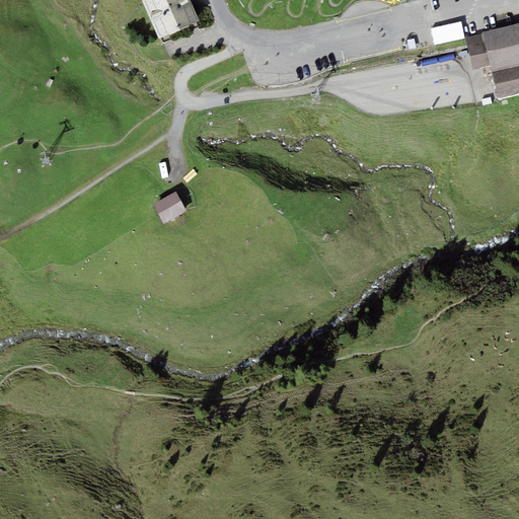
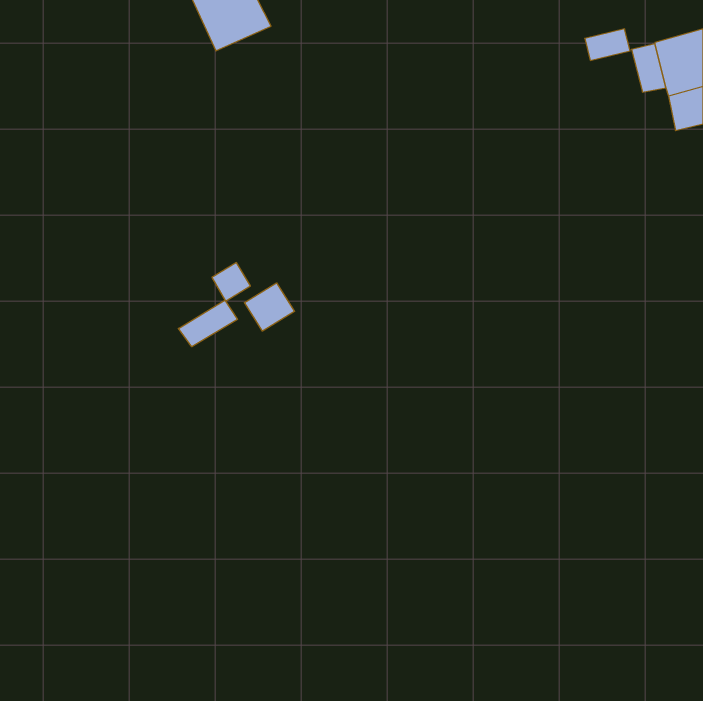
building: none -> [244,283,295,331]
building: none -> [178,300,237,347]

